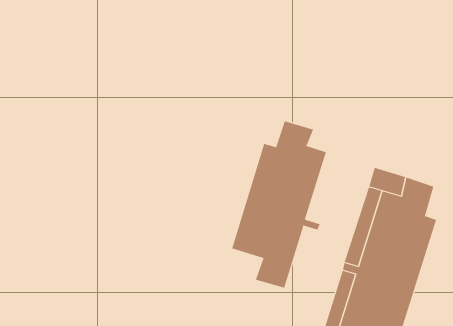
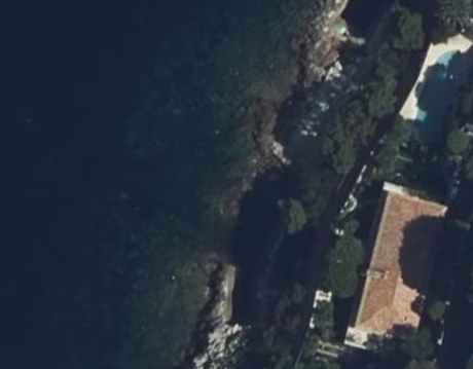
building: [231,121,327,289] -> none

